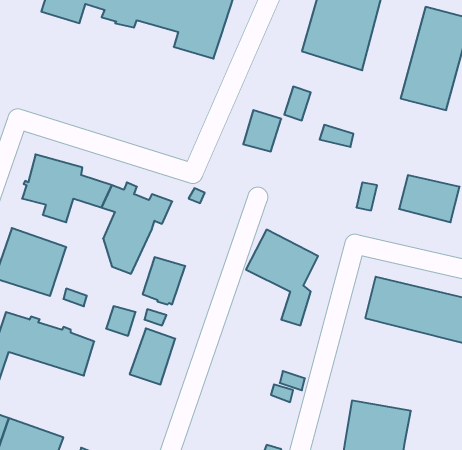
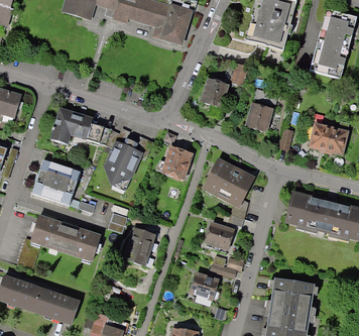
building: none -> [247,103,272,130]
building: [143,257,185,304] -> [163,146,193,179]
building: none -> [206,223,234,248]
building: none -> [191,272,220,299]

